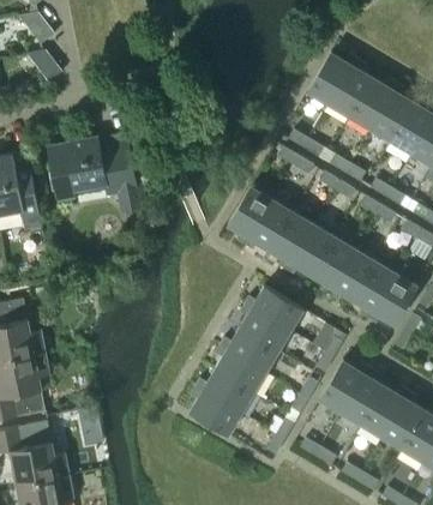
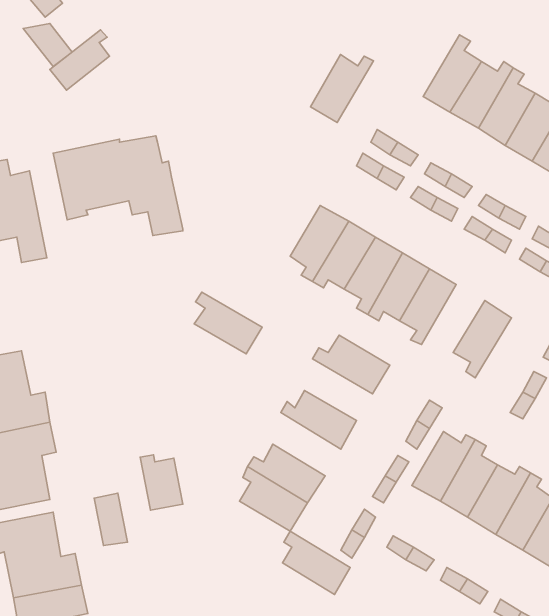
building: [307,54,355,106] -> [310,55,374,123]
building: none -> [50,30,109,90]
building: [326,248,374,300] -> none
building: [367,273,416,325] -> none
building: [237,305,289,351] -> [194,292,262,354]
building: [214,345,265,393] -> [282,531,350,595]
building: none -> [140,455,183,510]

